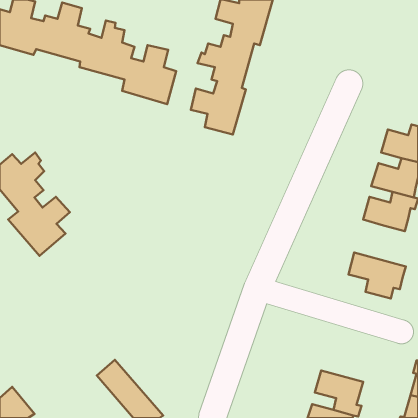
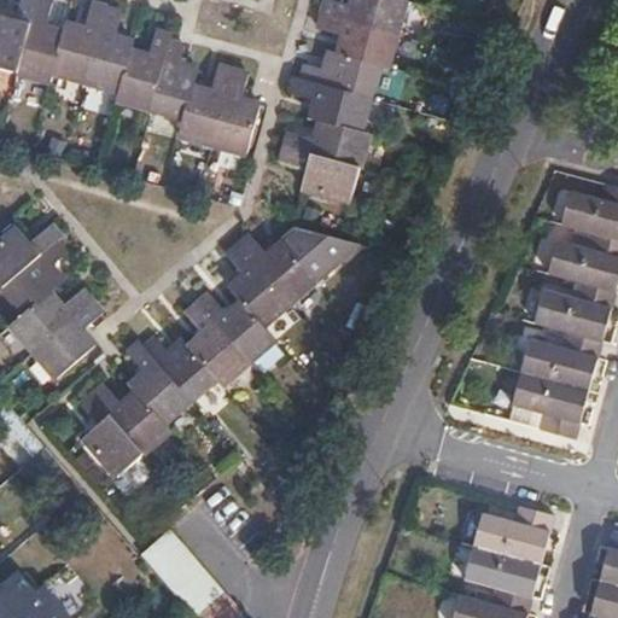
building: none -> [82,227,362,476]
building: none -> [521,332,602,389]
building: none -> [473,506,555,562]

